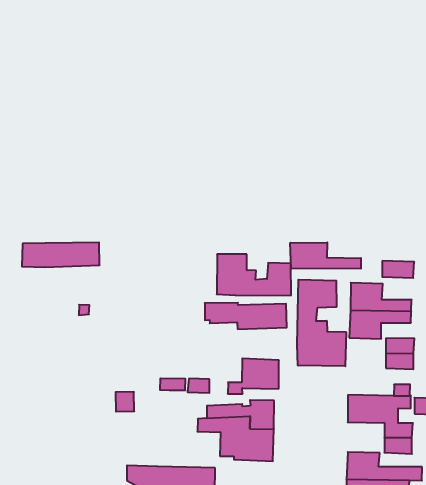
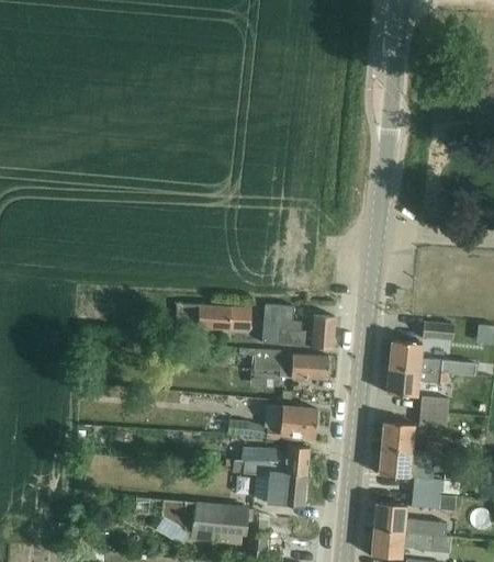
building: [22,242,100,267] -> [176,305,251,331]
building: [290,242,361,269] -> none
building: [297,280,346,366] -> none
building: none -> [381,423,415,451]

